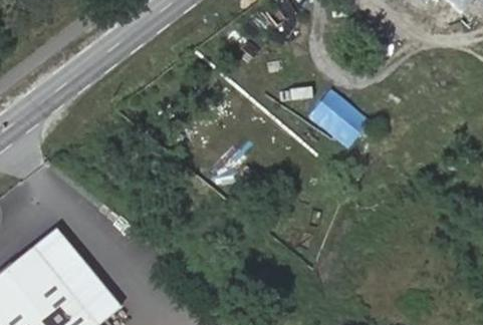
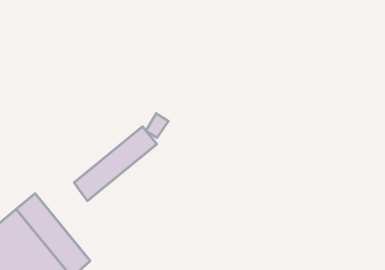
building: none -> [74,127,157,201]

